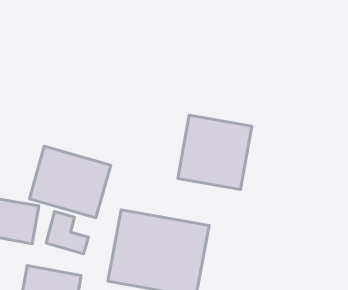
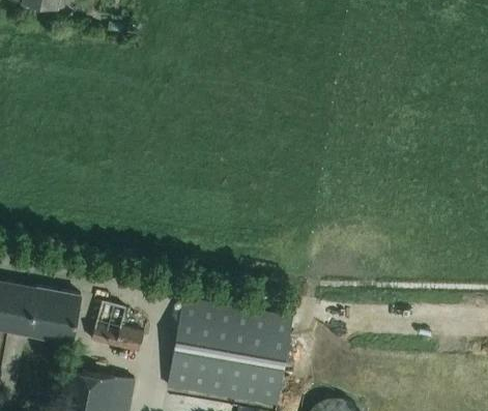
building: [178,115,252,189] -> none
building: [29,146,111,218] -> none

